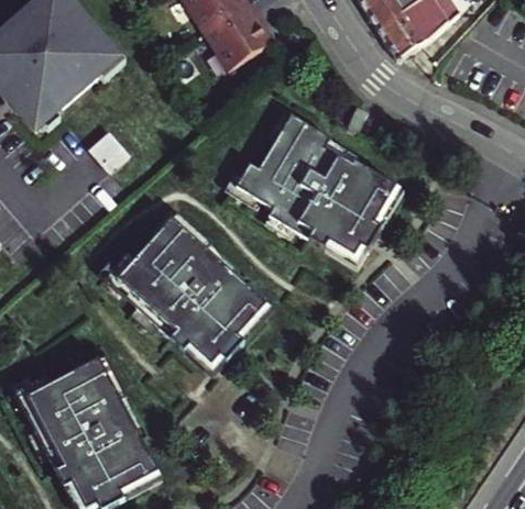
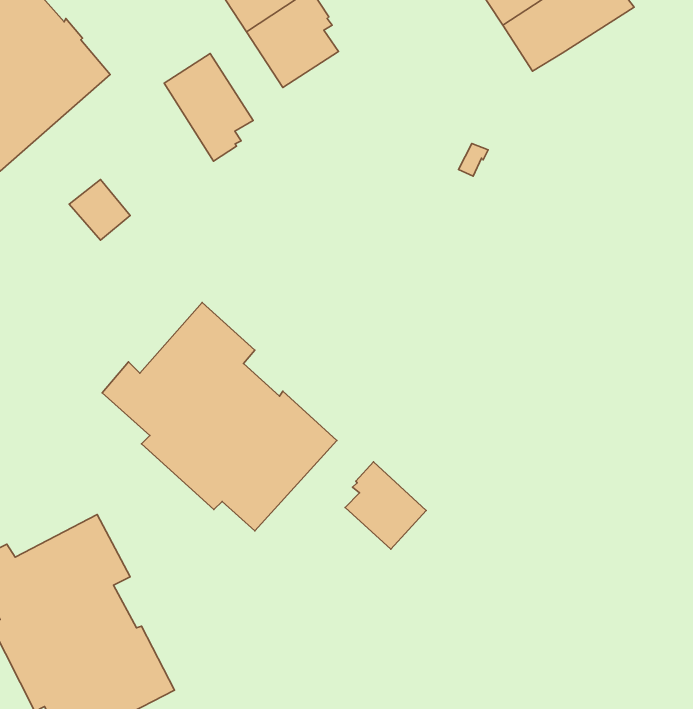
building: none -> [164,54,253,161]
building: [236,114,396,256] -> none
building: none -> [345,462,426,549]

